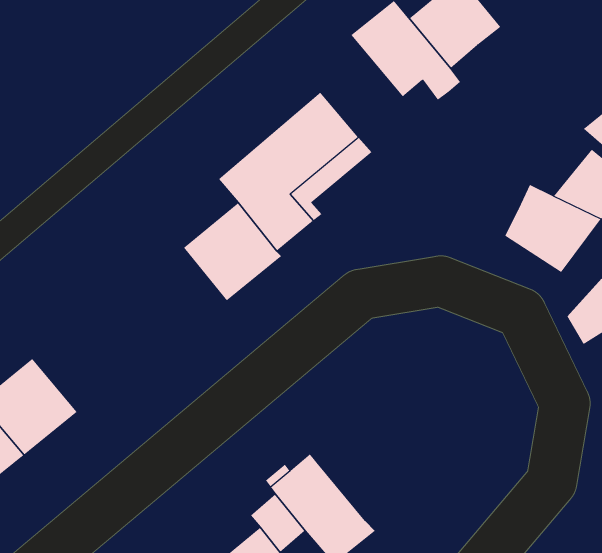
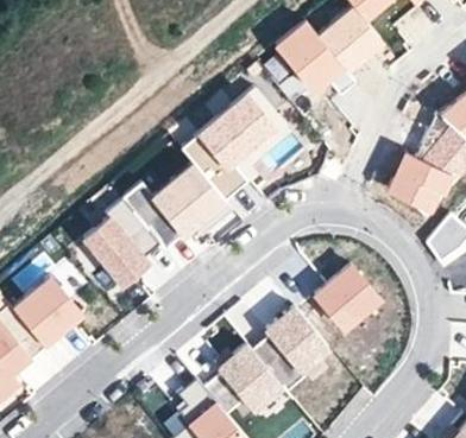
building: none -> [83,198,160,285]
building: none -> [315,266,379,330]
building: none -> [252,306,329,392]

